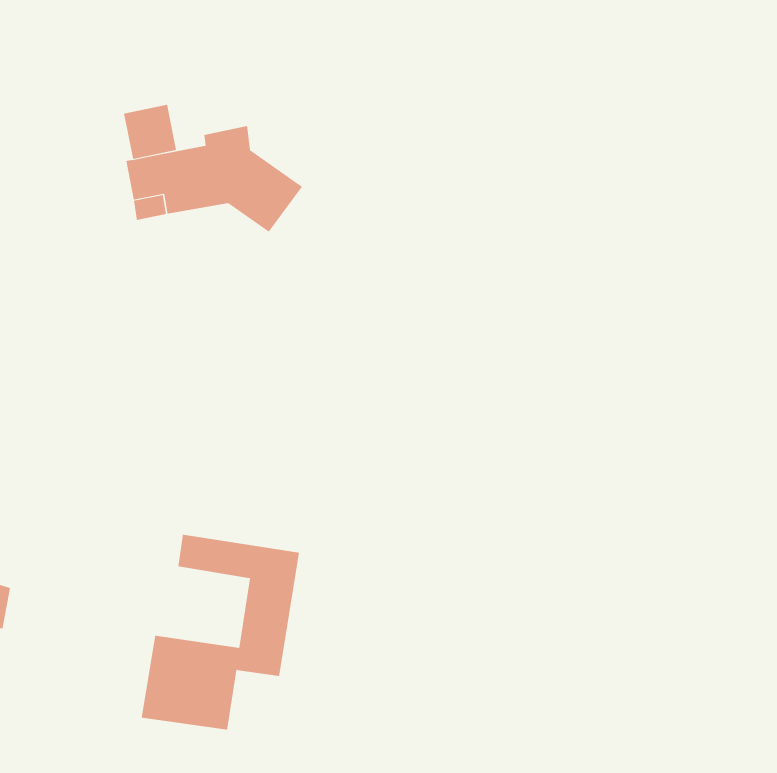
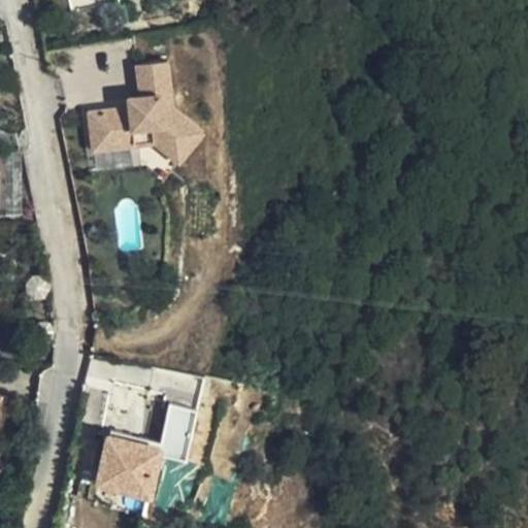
building: [123,104,177,159] -> [131,60,167,97]

